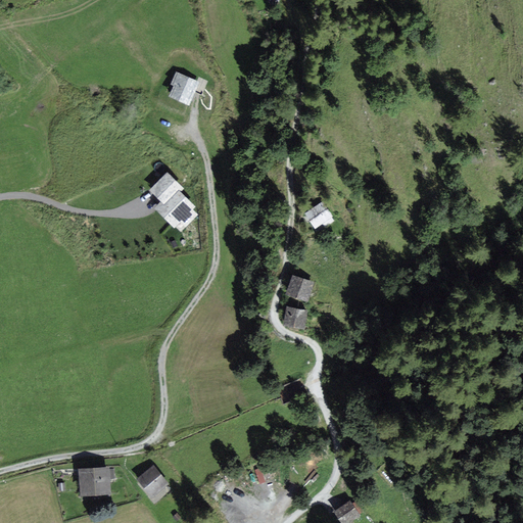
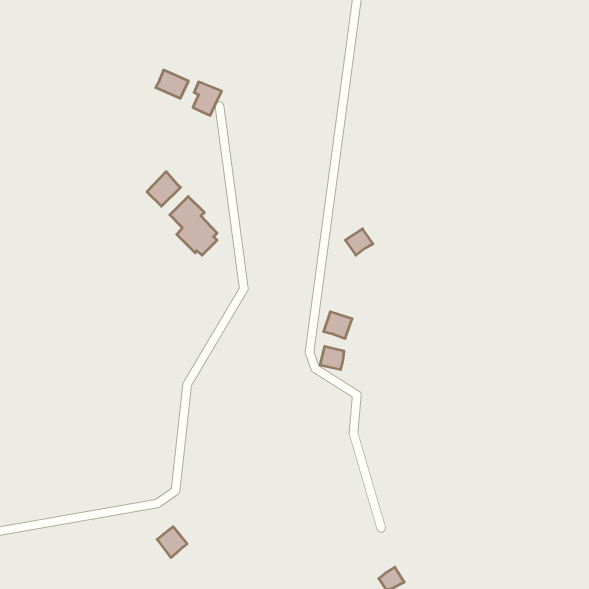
building: none -> [156,70,188,98]
building: none -> [147,172,181,206]
building: [79,467,108,493] -> none

